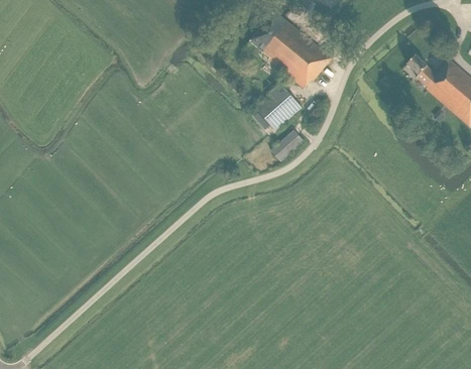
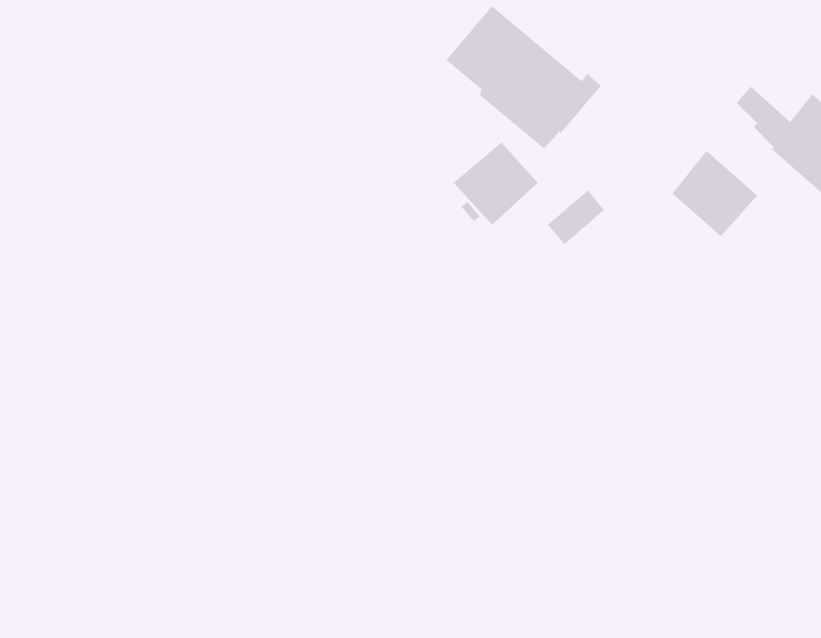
building: none -> [672,150,758,237]
building: [271,129,303,159] -> [547,189,605,245]

